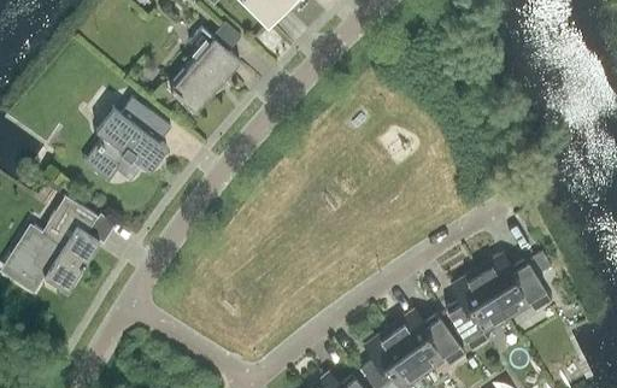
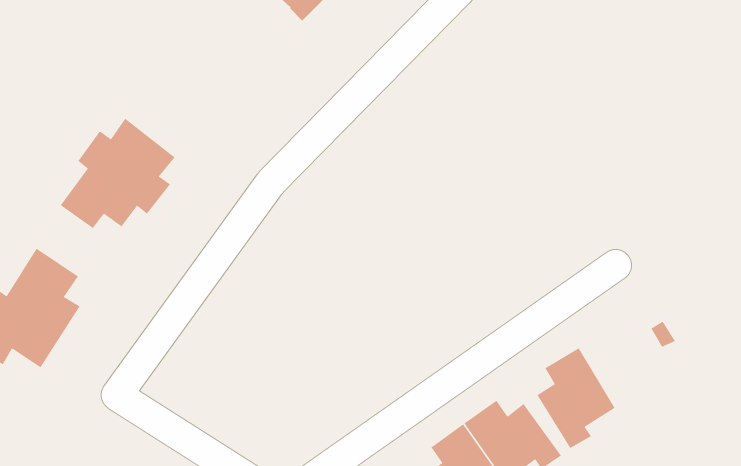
building: [170,27,240,110] -> none
building: [478,254,551,317] -> none

